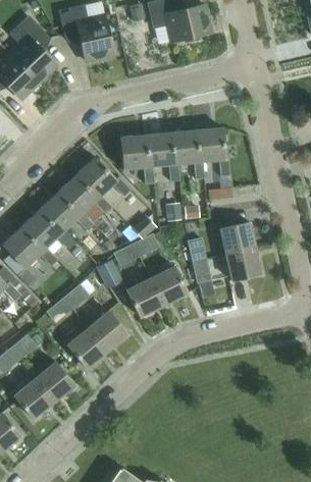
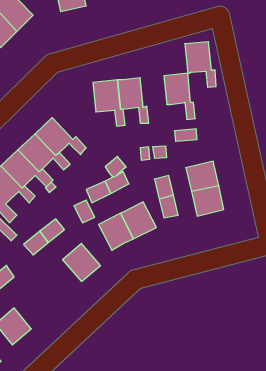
building: [171,129,205,178] -> [185,42,216,87]
building: [76,156,133,198] -> none
building: [67,327,108,368] -> none
building: [36,362,75,401] -> none

